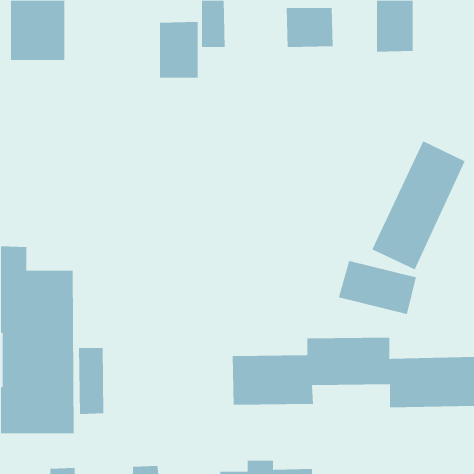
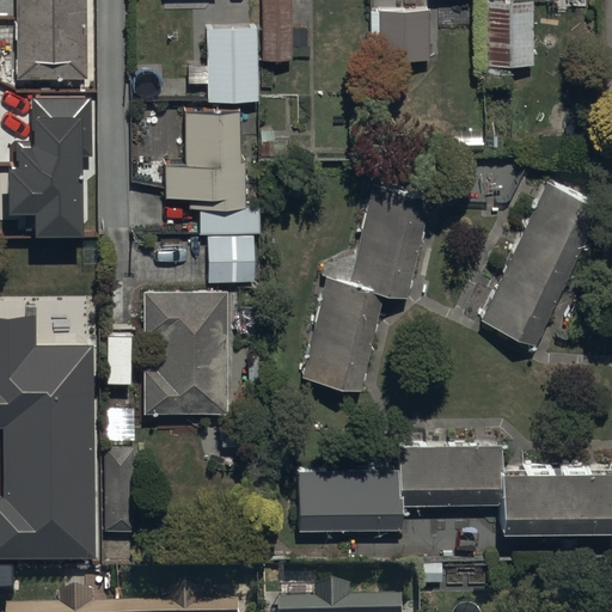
building: none -> [13,99,93,239]
building: none -> [165,115,259,282]
building: none -> [300,183,432,393]
building: none -> [143,292,227,414]
building: [338,260,417,315] -> none

